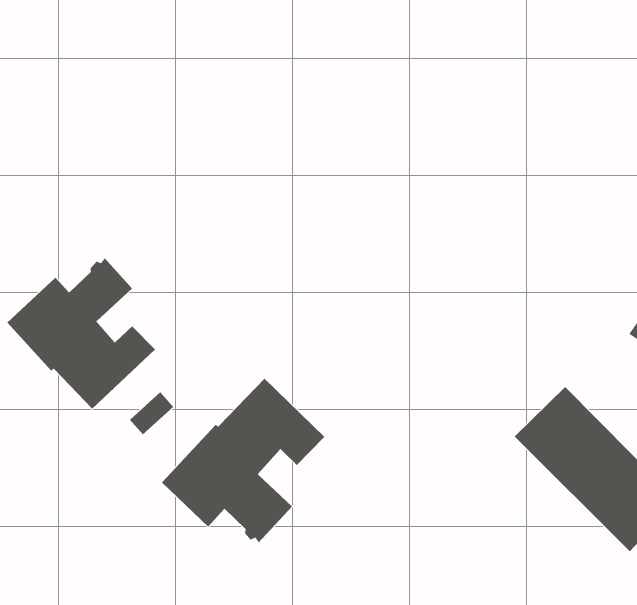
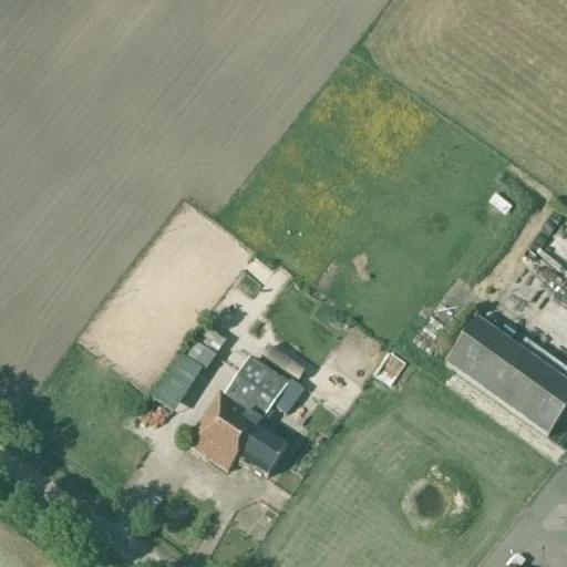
building: [7,257,156,410] -> none
building: none -> [183,328,226,375]

